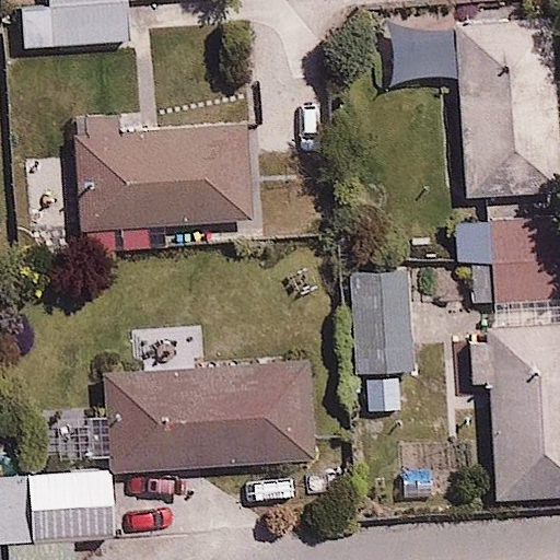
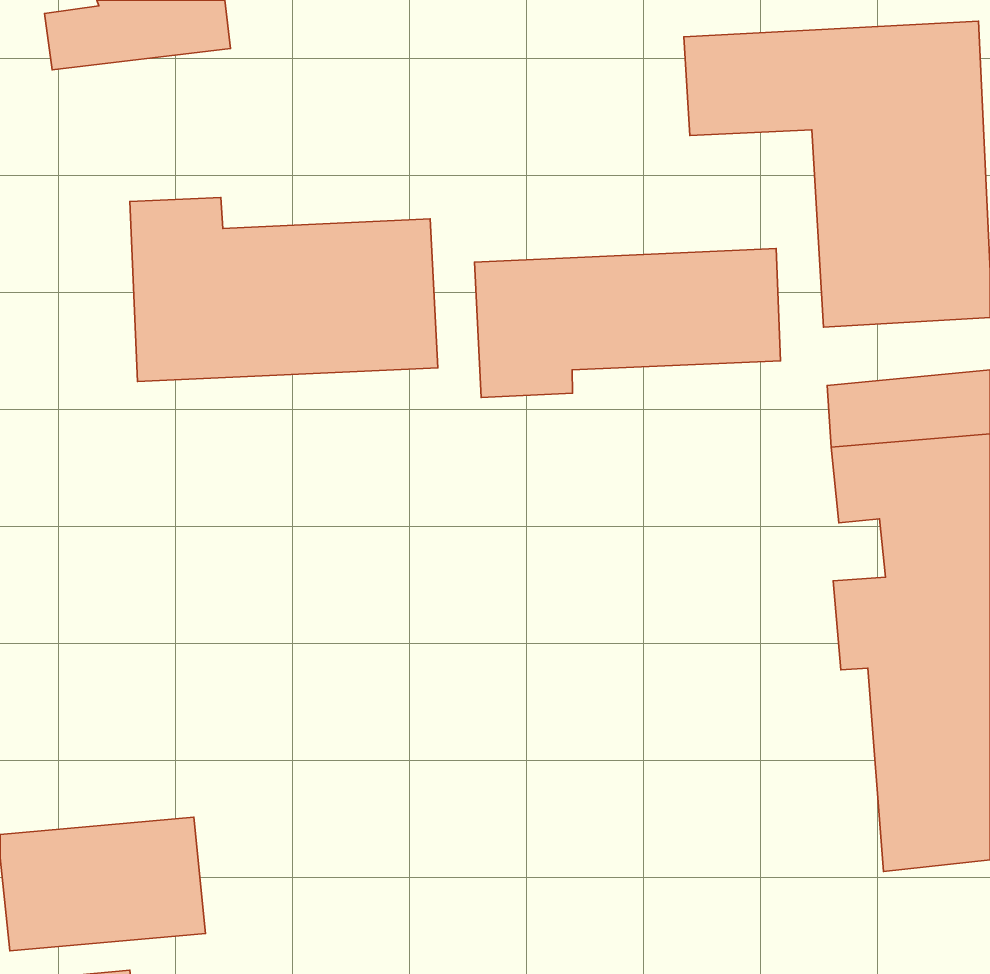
building: none -> [475,248,780,398]
building: [351,271,418,418] -> none
building: [109,329,315,474] -> none

